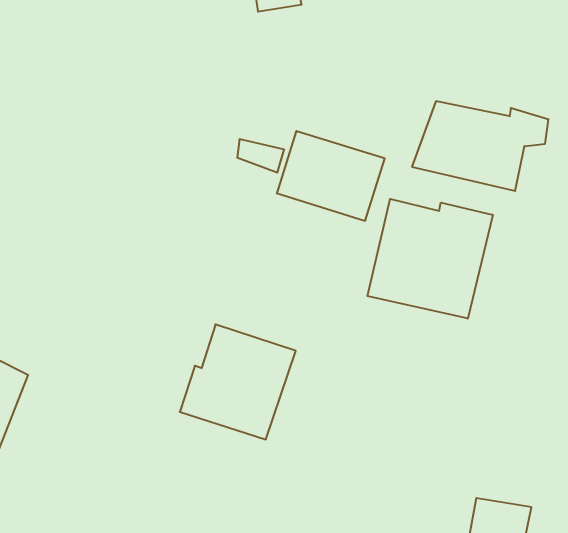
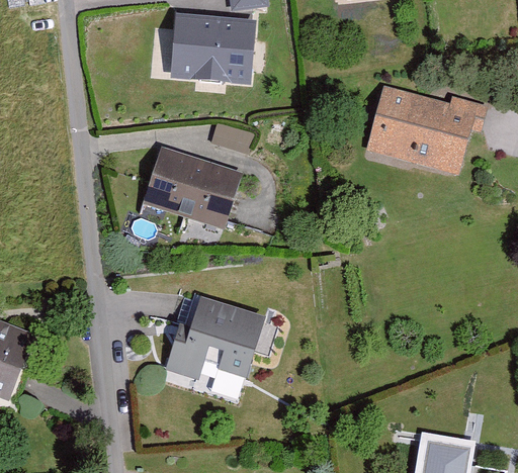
building: none -> [172,21,253,85]
building: [277,131,385,221] -> [144,148,239,226]
building: [367,199,493,319] -> none

